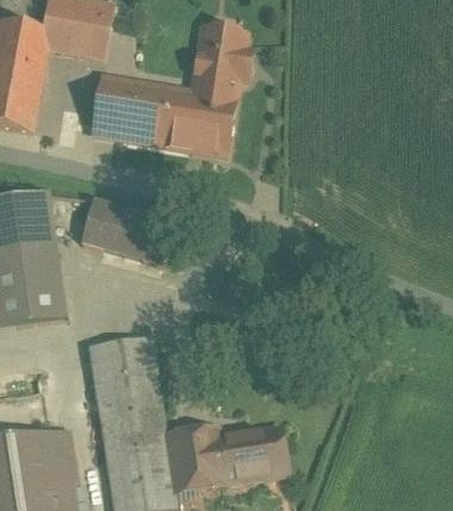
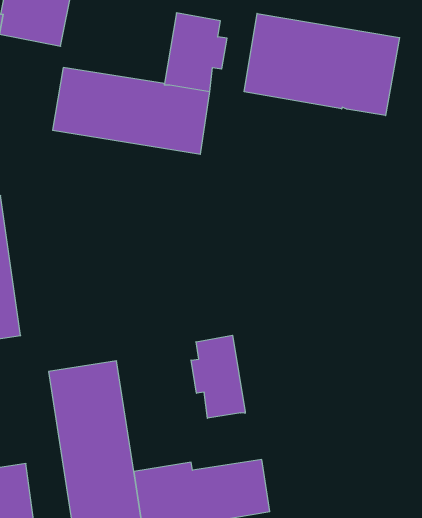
building: none -> [244,13,400,116]
building: [81,199,174,263] -> none
building: none -> [191,335,245,418]

